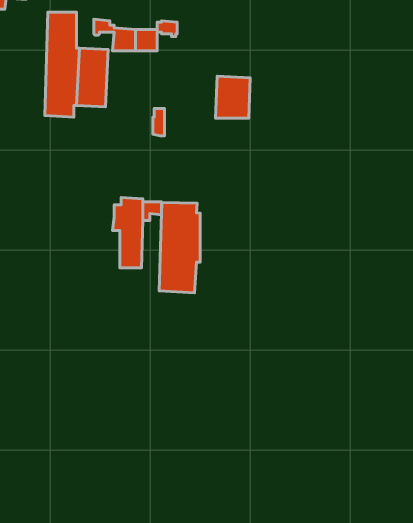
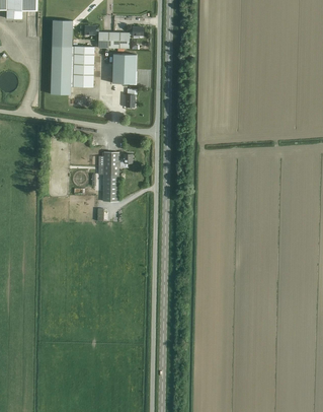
building: [216,76,250,118] -> [111,54,136,83]
building: [159,203,200,293] -> none

